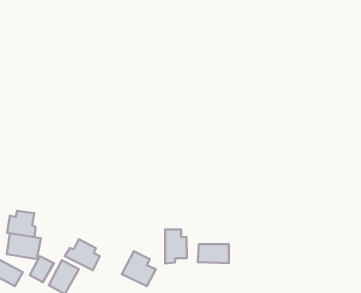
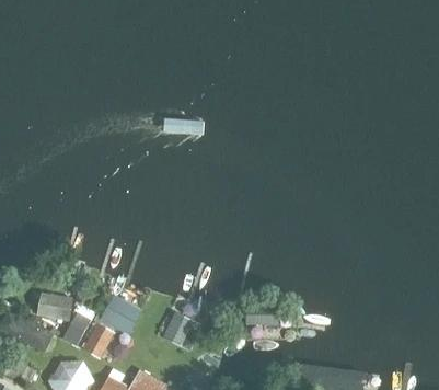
building: [7,211,35,237] -> none
building: [165,230,187,263] -> none

